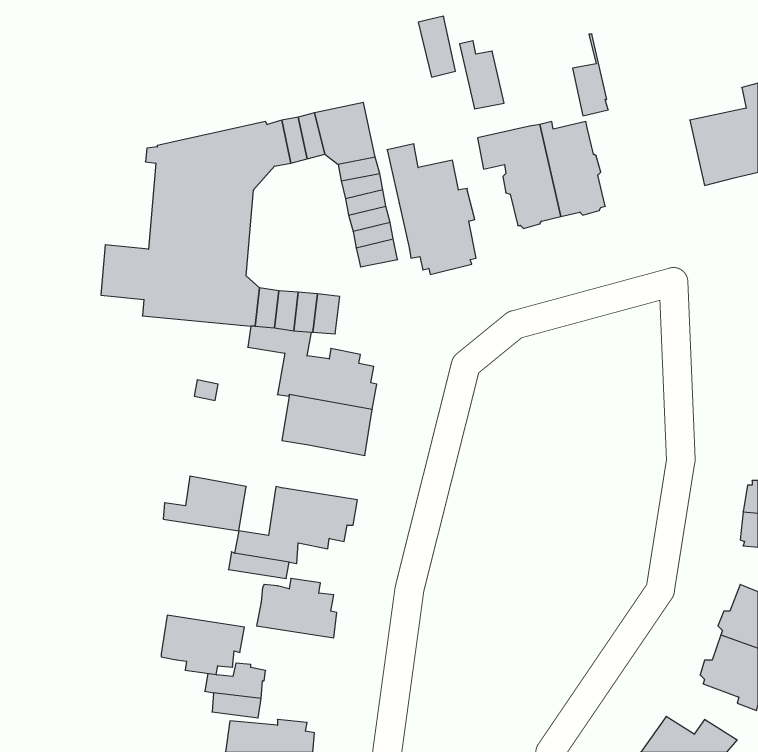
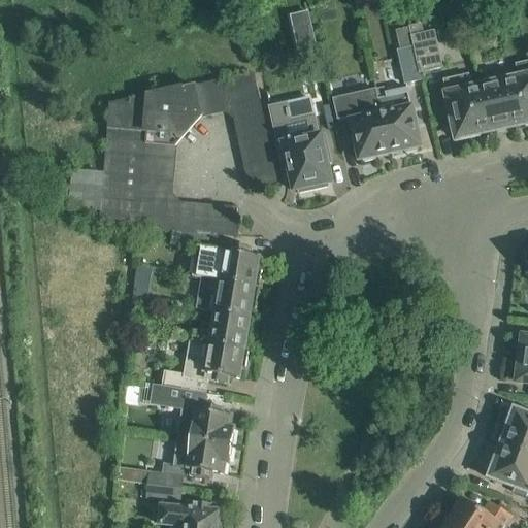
building: [460,41,504,109] -> [411,22,442,69]
building: none -> [443,71,490,136]
building: [163,476,246,531] -> [196,309,254,348]
building: [161,615,244,675] -> [174,435,232,476]

